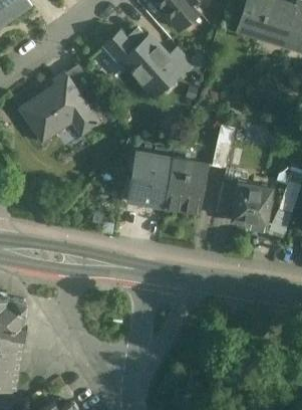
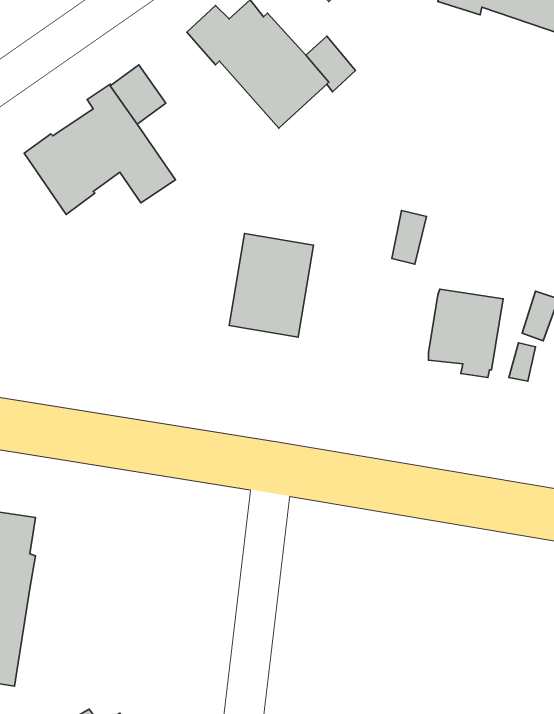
building: [164,158,208,211] -> none
building: [215,182,237,214] -> none

